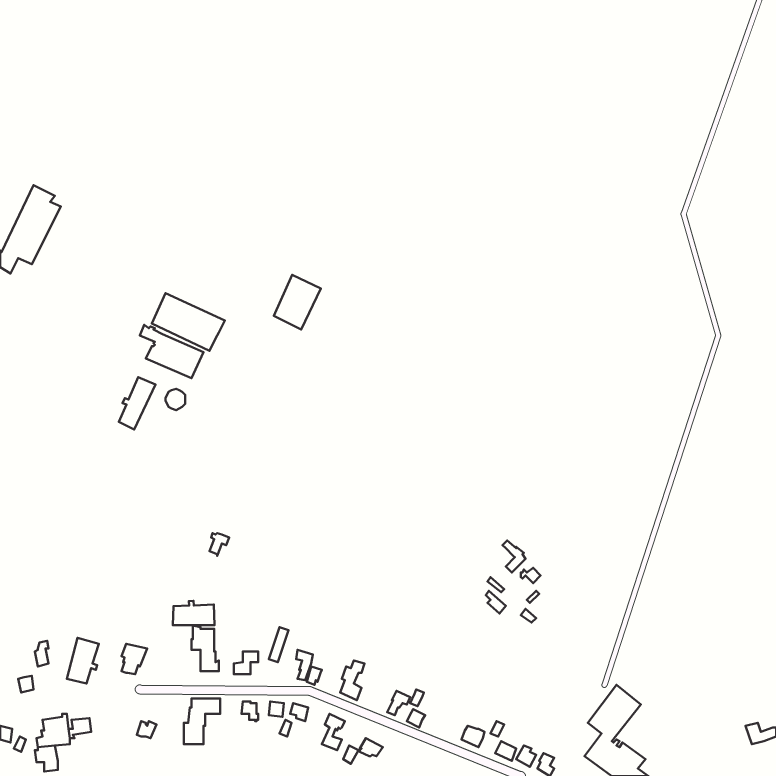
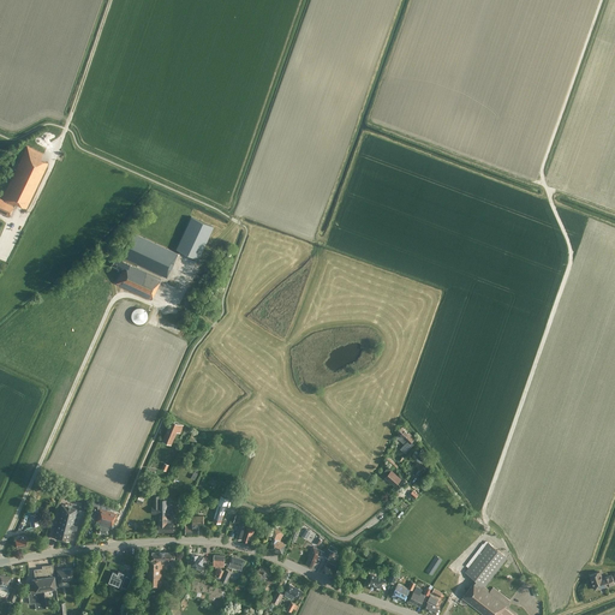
building: [274,275,321,329] -> [175,216,213,259]
building: [119,377,156,430] -> none
building: [173,601,215,625] -> none

